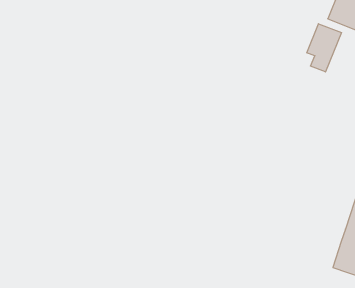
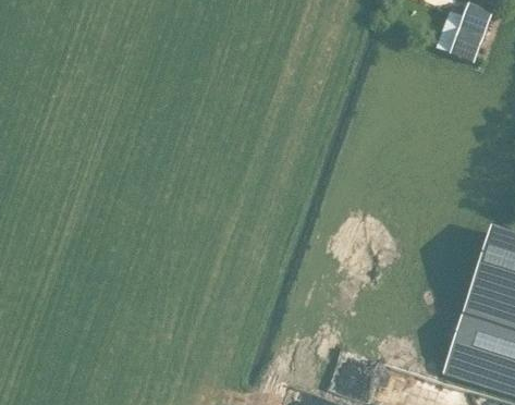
building: [307,24,341,72] -> none

